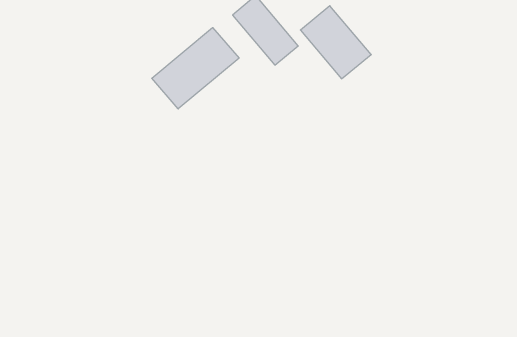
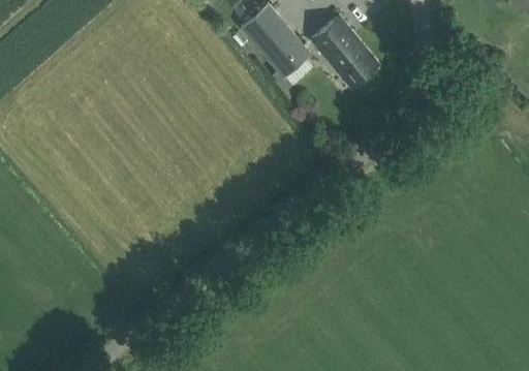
building: [152,28,239,109] -> none

